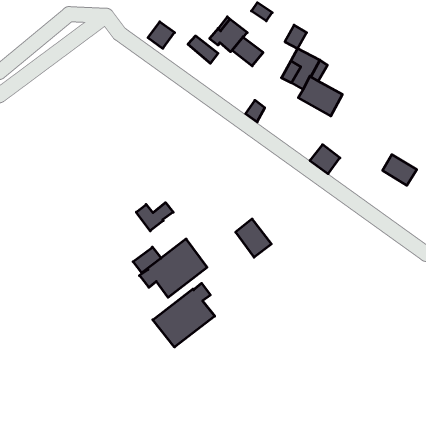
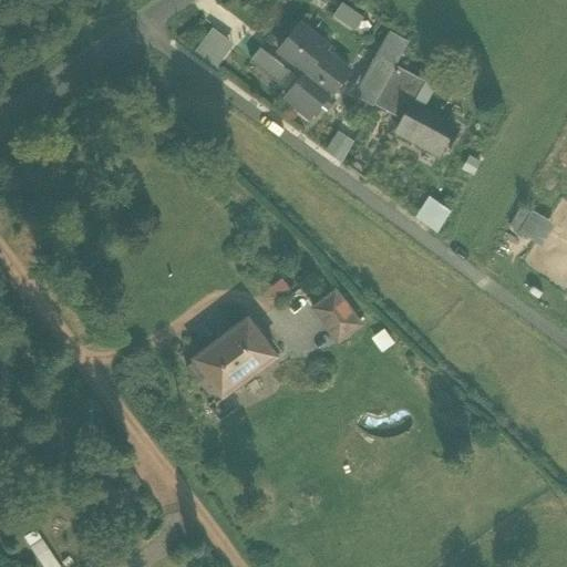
building: none -> [357,54,394,103]
building: none -> [284,66,334,117]
building: [136,203,173,231] -> none
building: [133,247,161,273] -> none
building: [153,283,215,347] -> none

